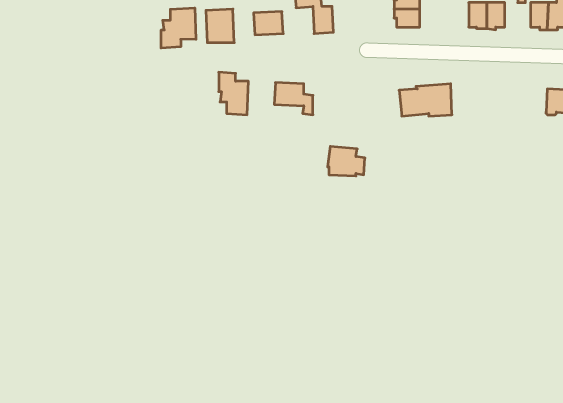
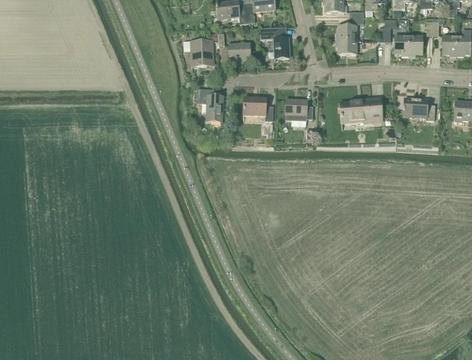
building: [161,8,196,48] -> none
building: none -> [403,97,434,121]
building: [328,146,365,176] -> [284,97,313,120]

